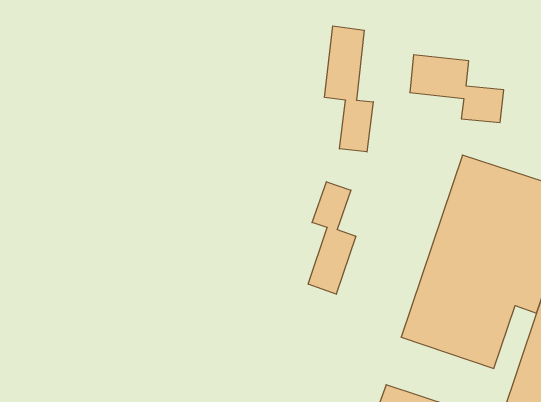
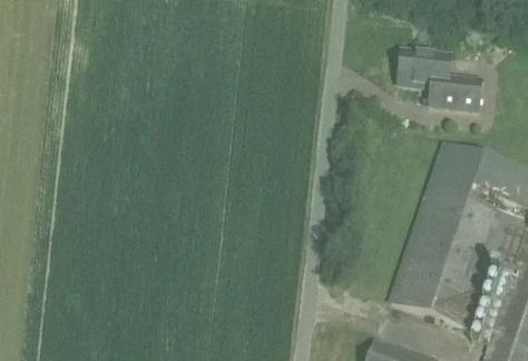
building: [325,26,373,152] -> none
building: [308,182,356,294] -> none

